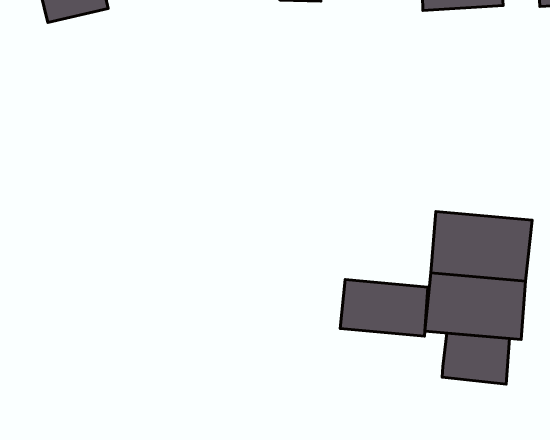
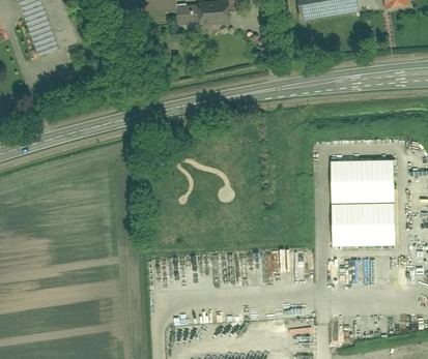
building: [340,280,428,336] -> none
building: [442,333,510,384] -> none

